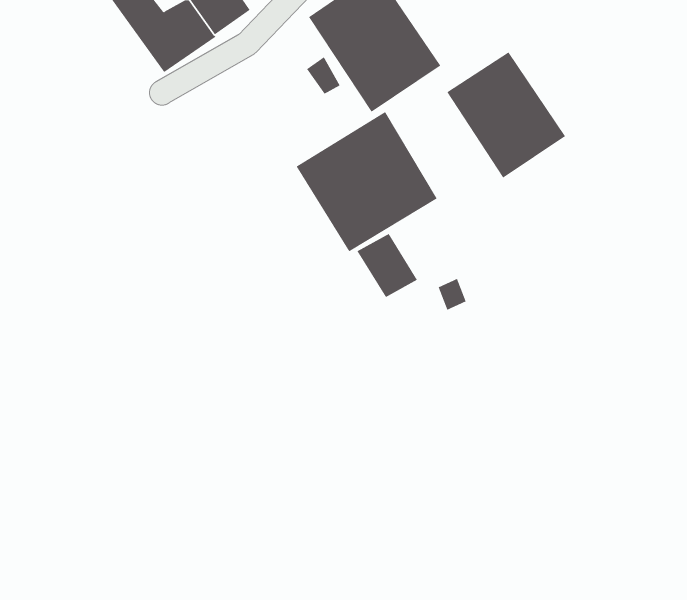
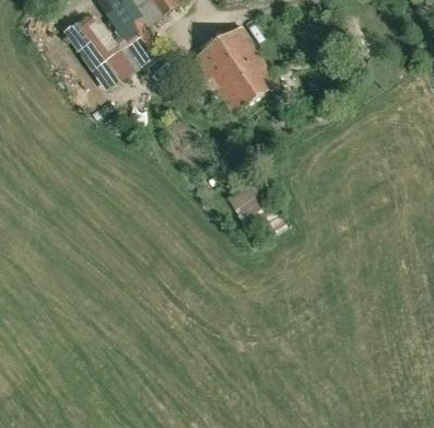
building: [446,51,566,179] -> none
building: [296,111,438,252] -> none

